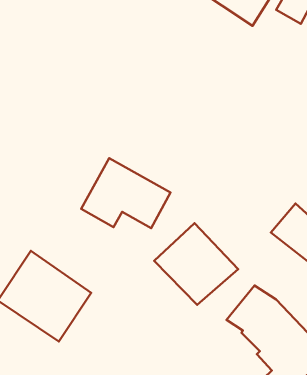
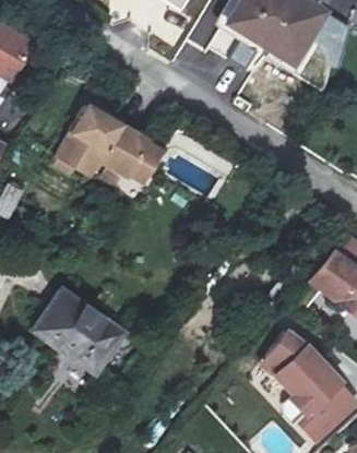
building: [81,158,171,228] -> [60,111,151,182]
building: [154,223,238,305] -> none

